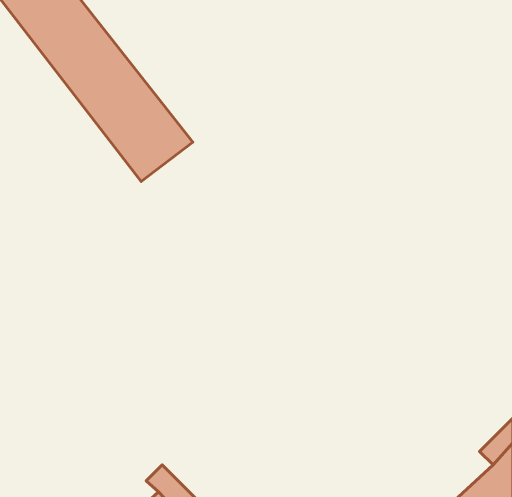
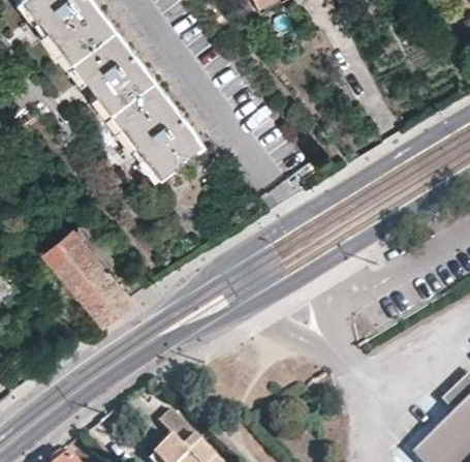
building: none -> [42,228,129,324]

